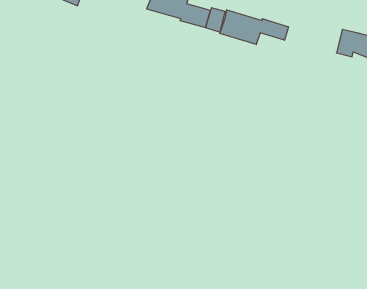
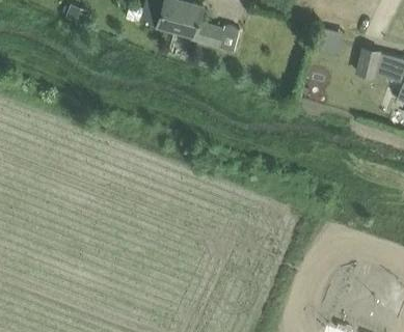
building: [220,10,288,45] -> none

